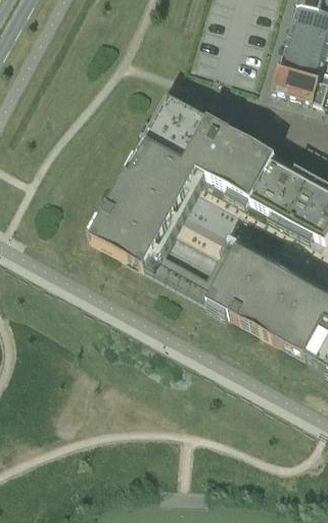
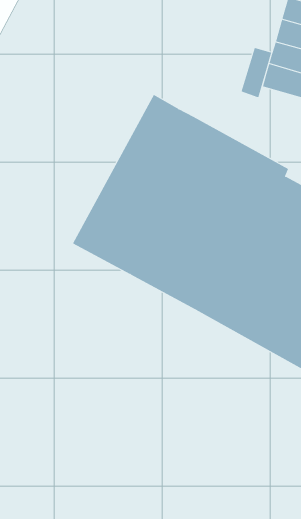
building: none -> [241,47,272,98]

